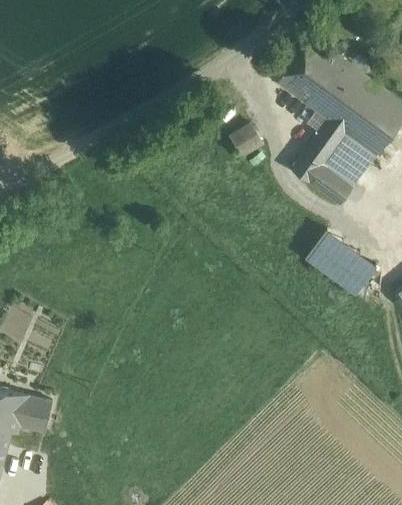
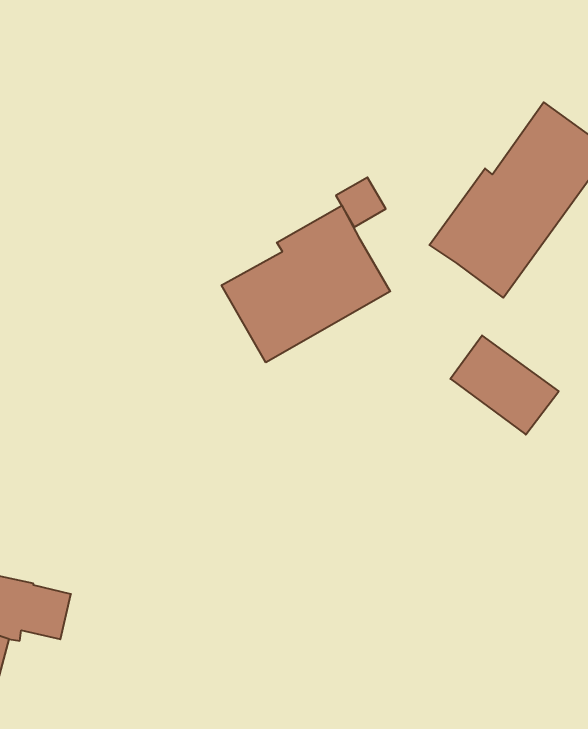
building: [276,37,366,124] -> none
building: none -> [222,205,390,362]

